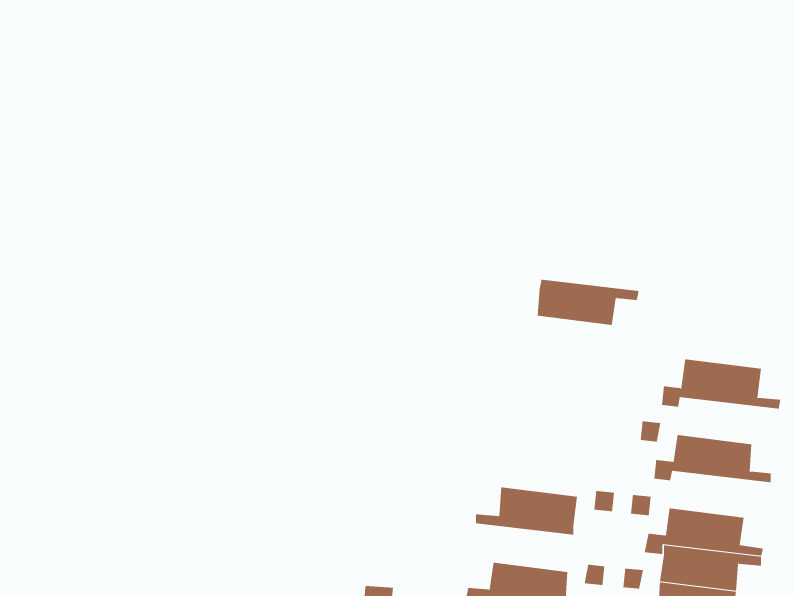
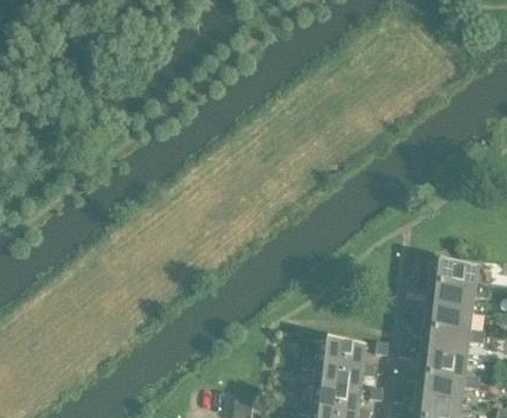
building: [537,279,640,326] -> [428,284,490,313]
building: none -> [423,329,486,358]
building: none -> [303,361,376,391]

